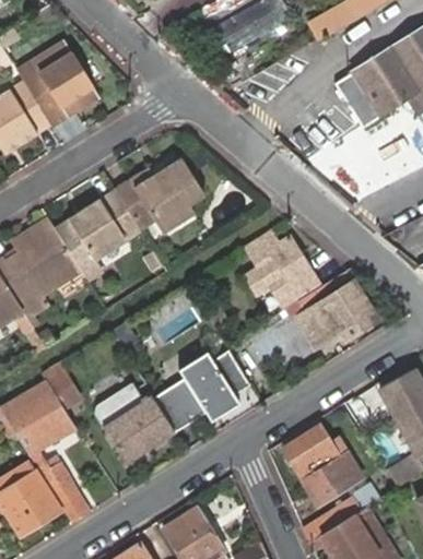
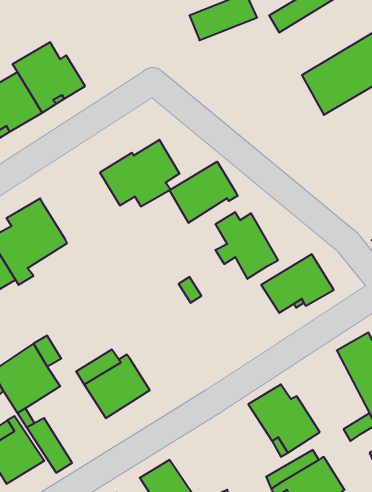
building: none -> [169,162,238,223]
building: [59,192,142,265] -> none
building: [153,349,250,431] -> none

